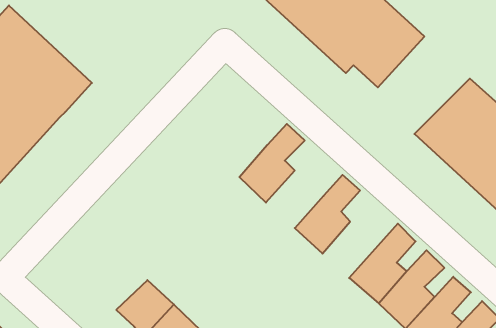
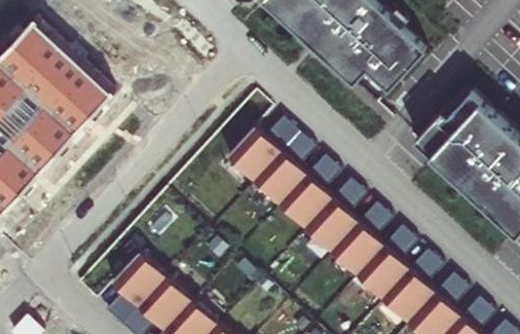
building: none -> [225,117,296,182]
building: none -> [276,155,338,229]
building: none -> [329,203,391,275]
building: none -> [111,253,166,305]

